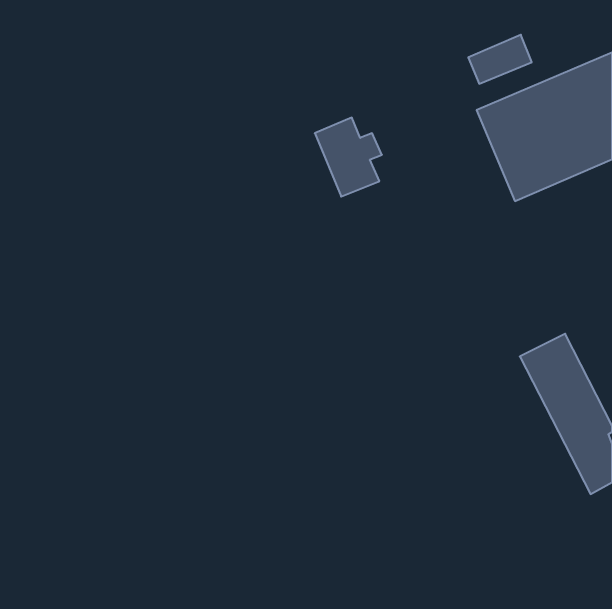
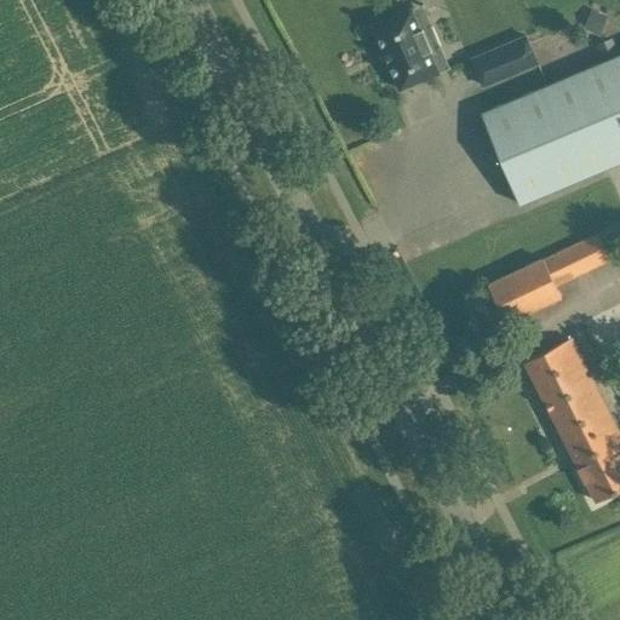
building: [315,118,382,197] -> [374,11,442,91]
building: none -> [489,235,610,323]

